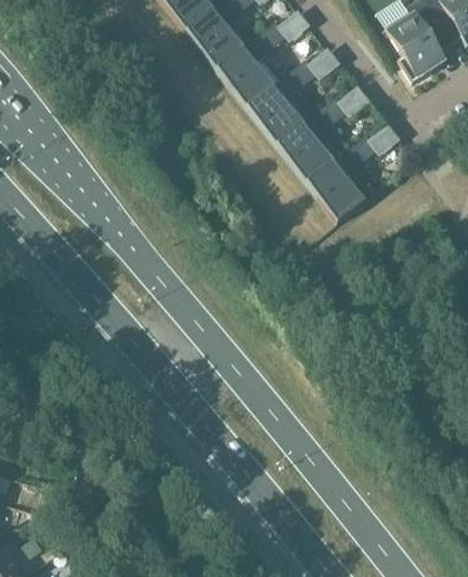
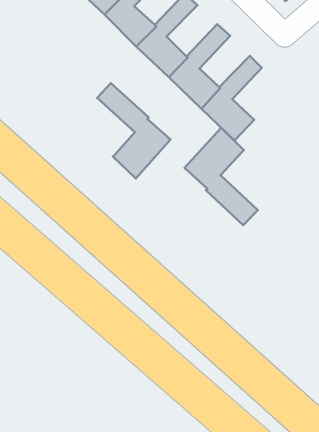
building: none -> [97,83,170,179]
building: none -> [185,128,258,225]

